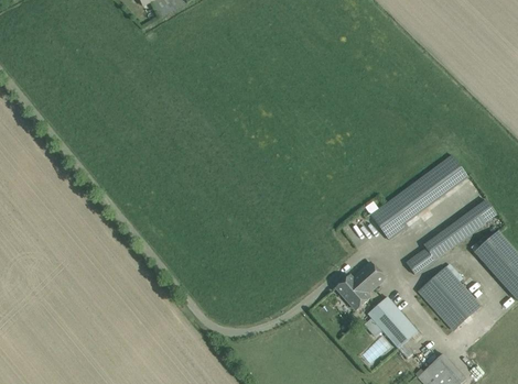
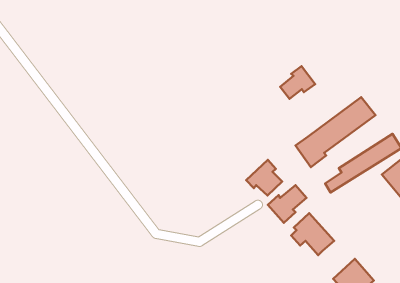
building: none -> [280,66,315,99]
building: none -> [246,160,282,195]
building: [416,265,479,330] -> none

